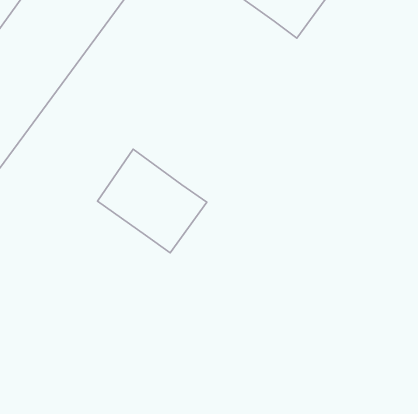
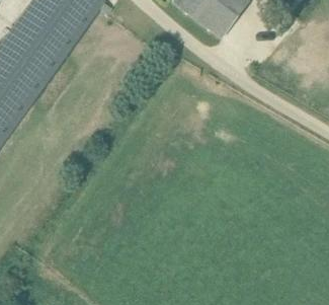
building: [97,149,207,253] -> none

